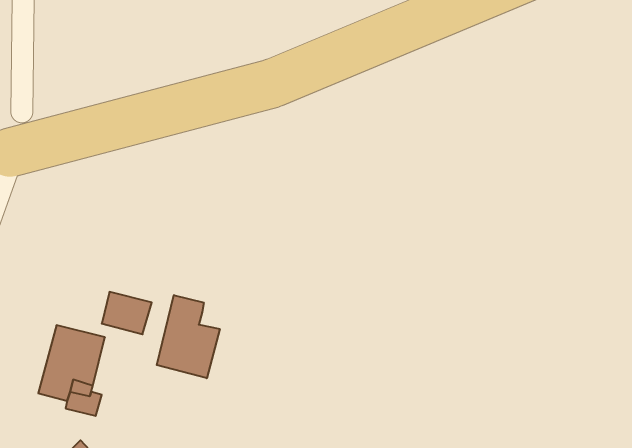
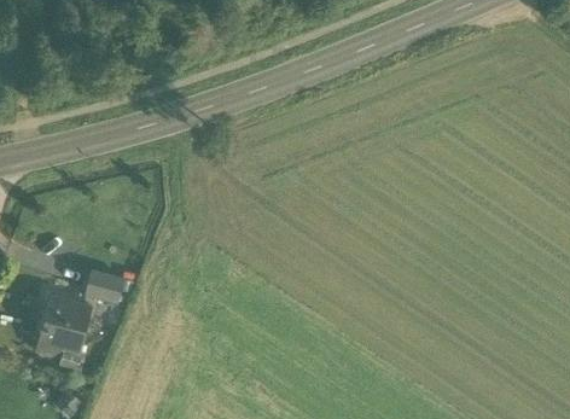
building: [157,295,220,378] -> none

